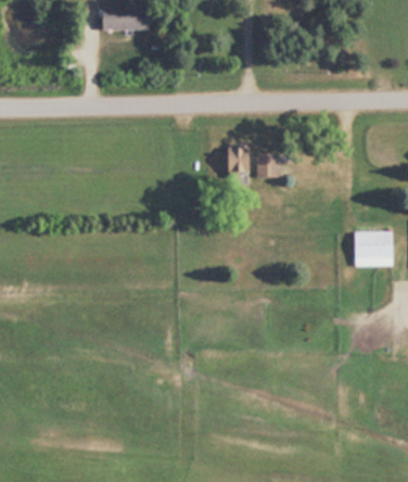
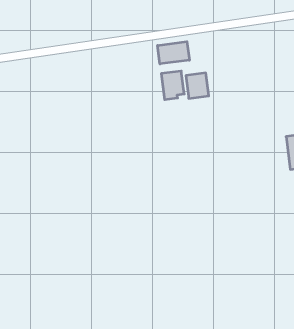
building: none -> [158,42,189,64]

